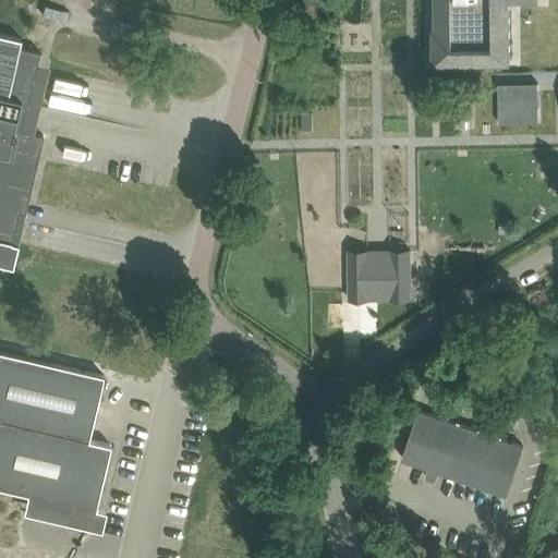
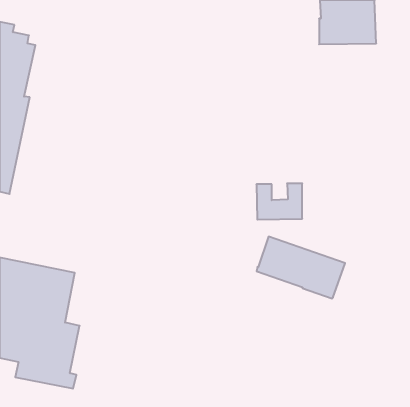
building: [498,87,538,128] -> none
building: [402,415,522,499] -> [257,237,345,299]

